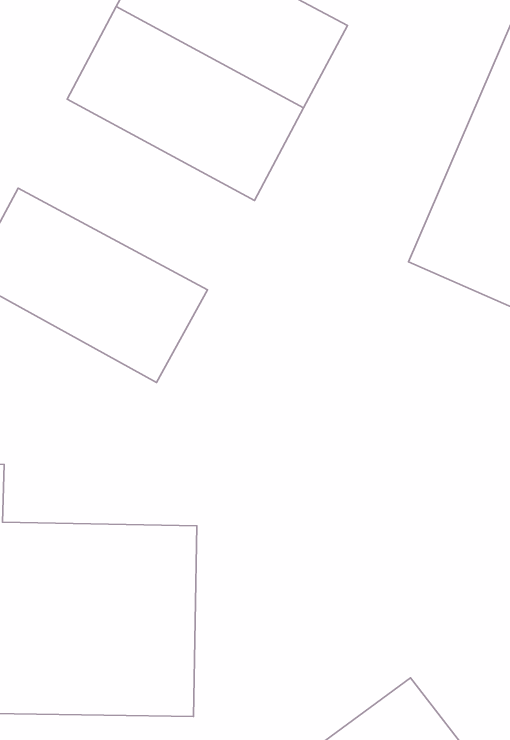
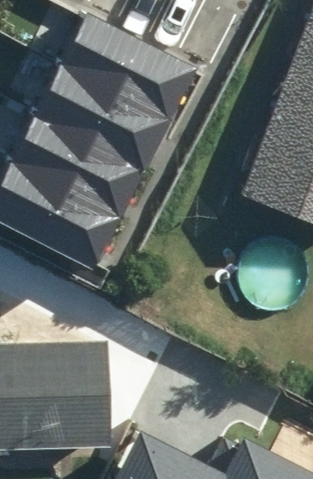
building: none -> [13,100,148,209]

